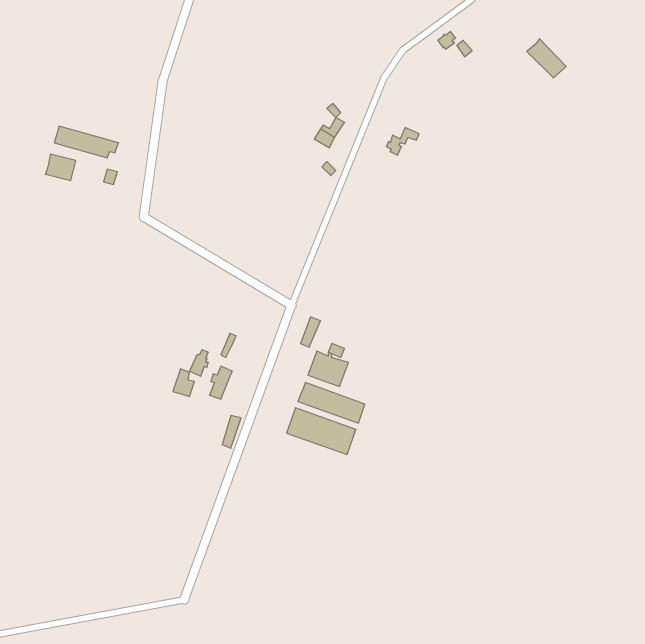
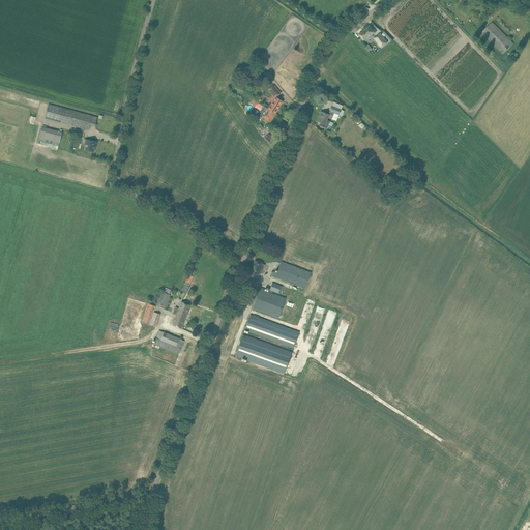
building: [527,39,566,78] -> [481,21,513,53]
building: none -> [271,261,311,288]
building: none -> [153,329,184,353]

